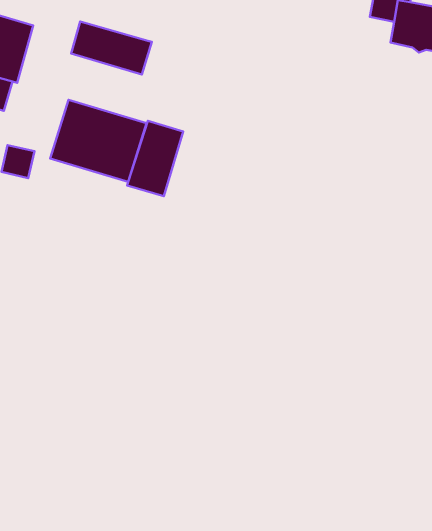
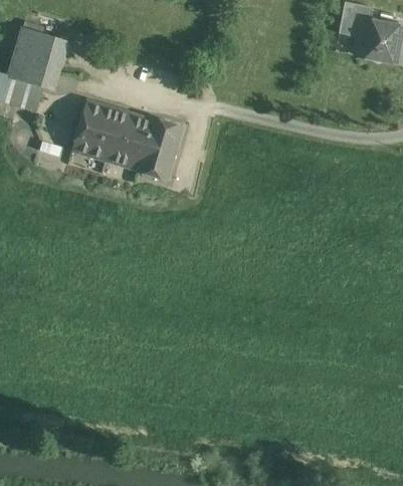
building: [71,22,152,75] -> none

